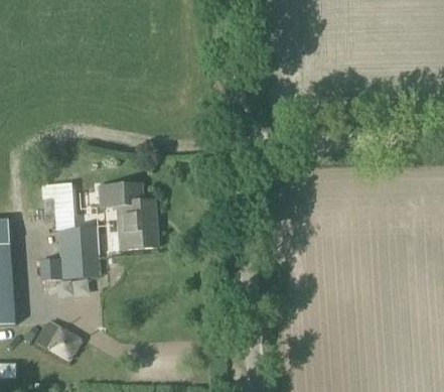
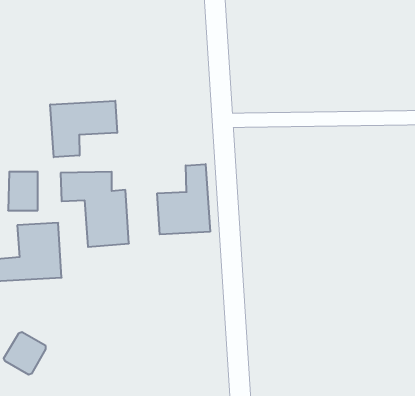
building: none -> [50,101,117,157]
building: none -> [157,164,210,234]

